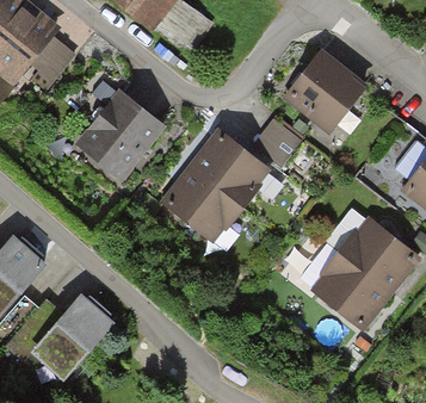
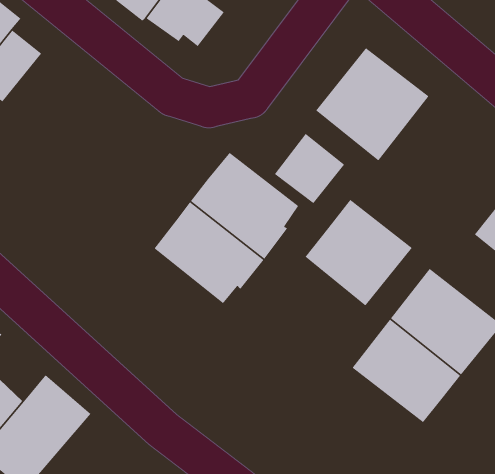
building: [74,88,166,181] -> none
building: none -> [305,199,413,307]

